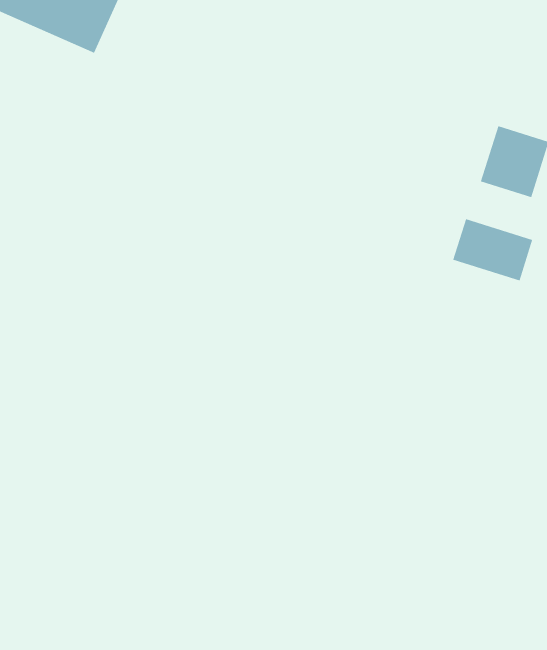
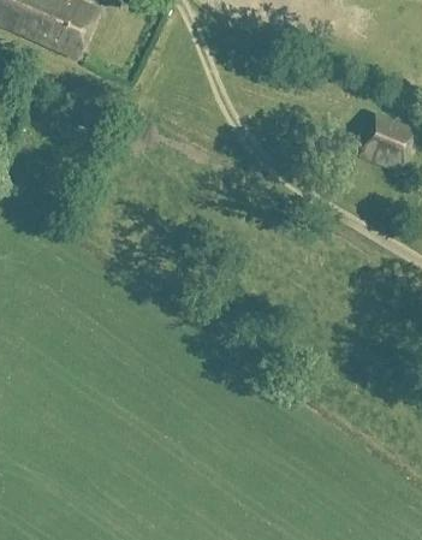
building: [452,218,533,281] -> none

